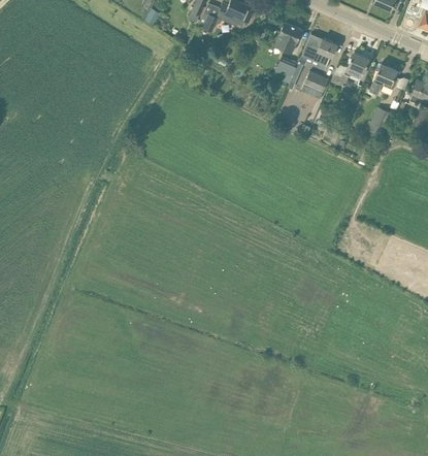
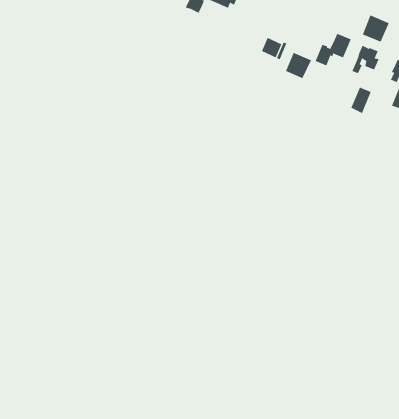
building: [275,21,303,52] -> none
building: none -> [362,14,389,43]
building: [302,33,338,68] -> none

